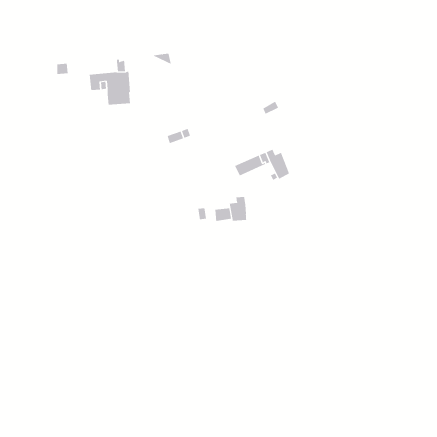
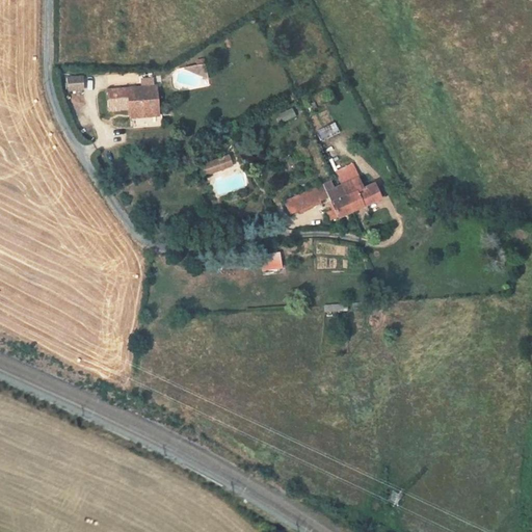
building: none -> [336,164,381,211]
building: [229,196,247,222] -> none

